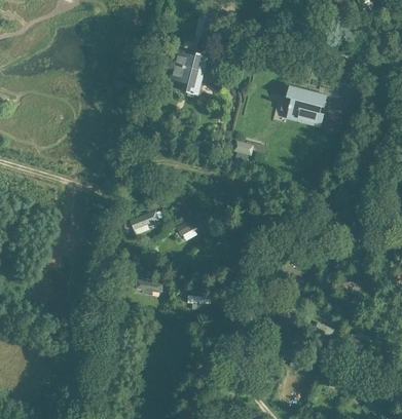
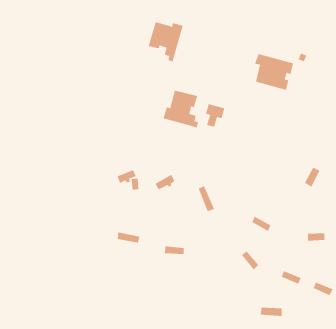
building: none -> [163,90,199,128]

